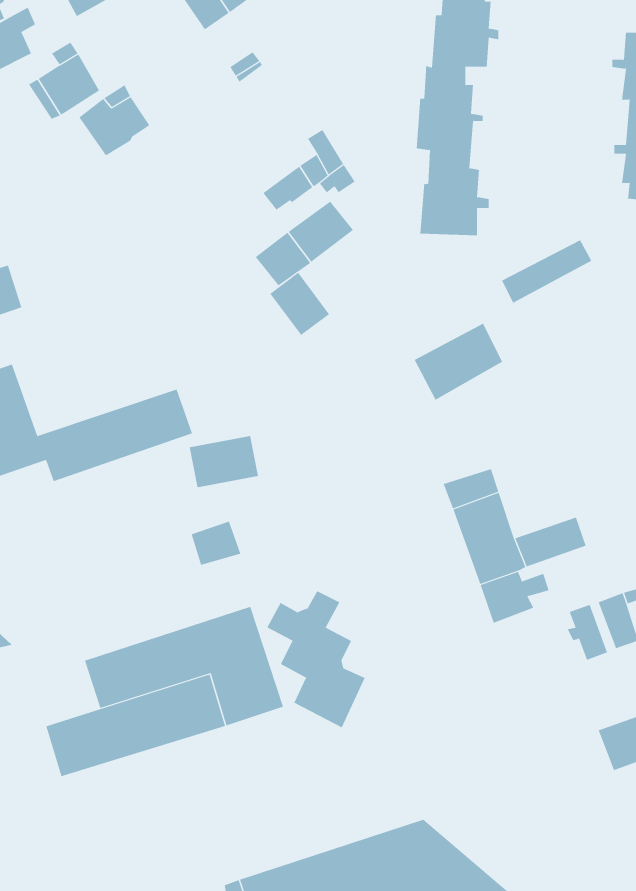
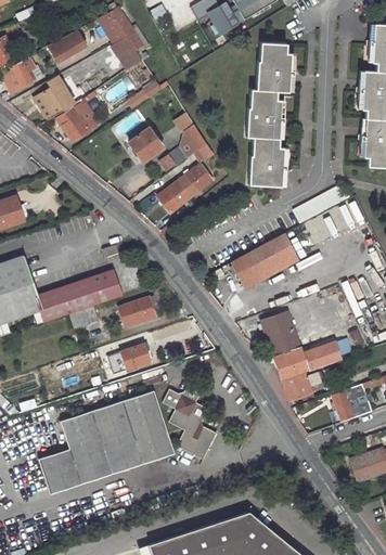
building: none -> [129,128,163,162]
building: [269,272,330,336] -> none
building: none -> [232,254,258,284]

